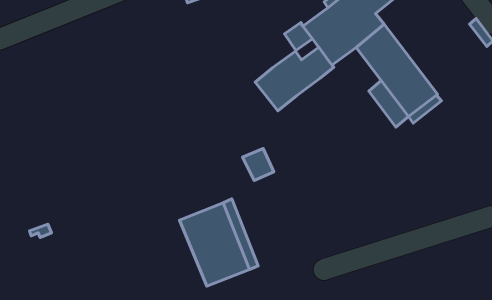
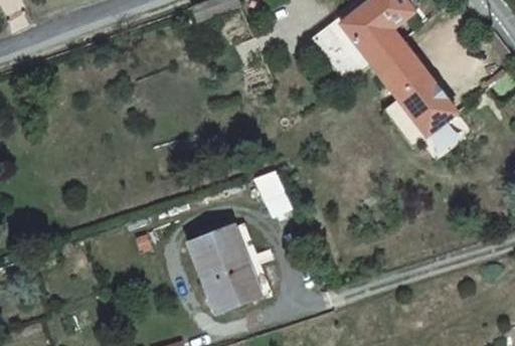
building: [255,47,334,111] -> none

